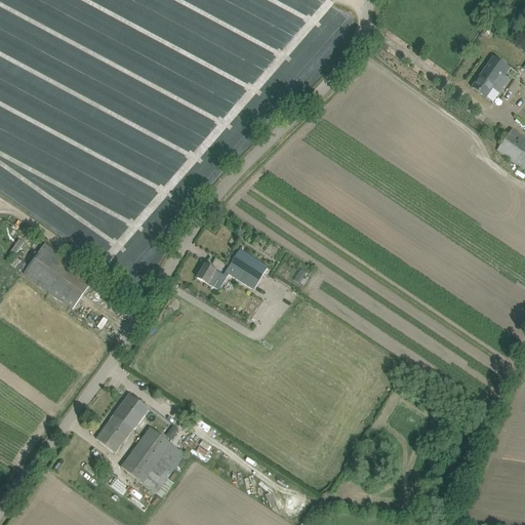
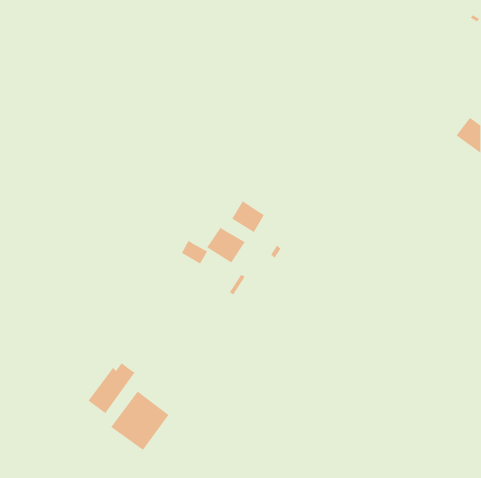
building: [472,54,509,99] -> none
building: none -> [231,200,265,233]
building: [10,242,94,308] -> none

